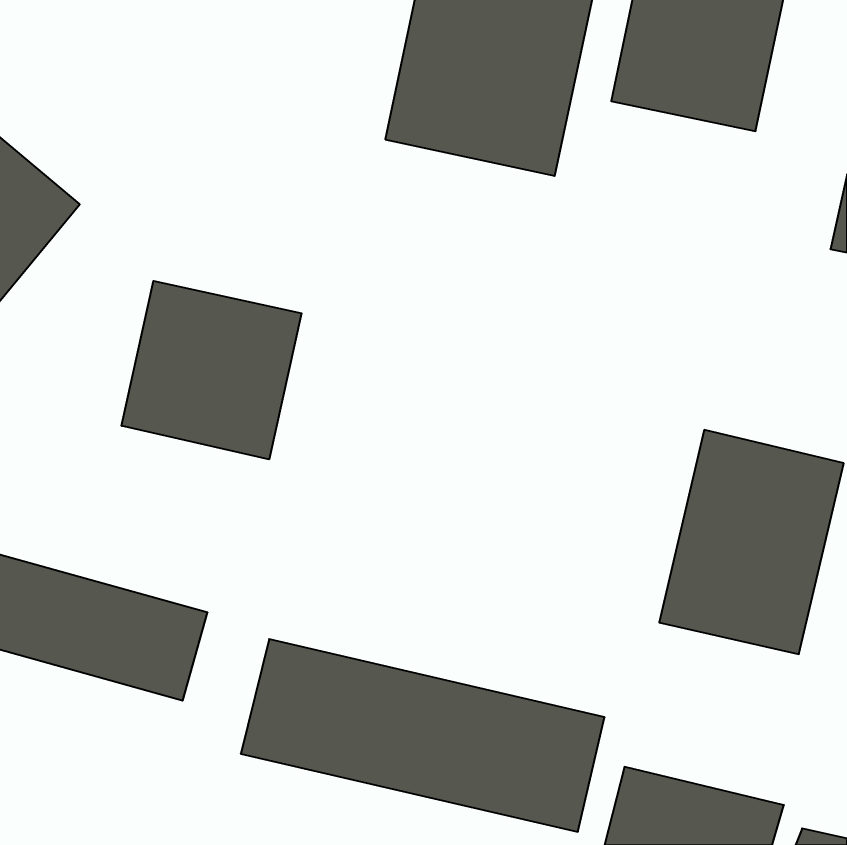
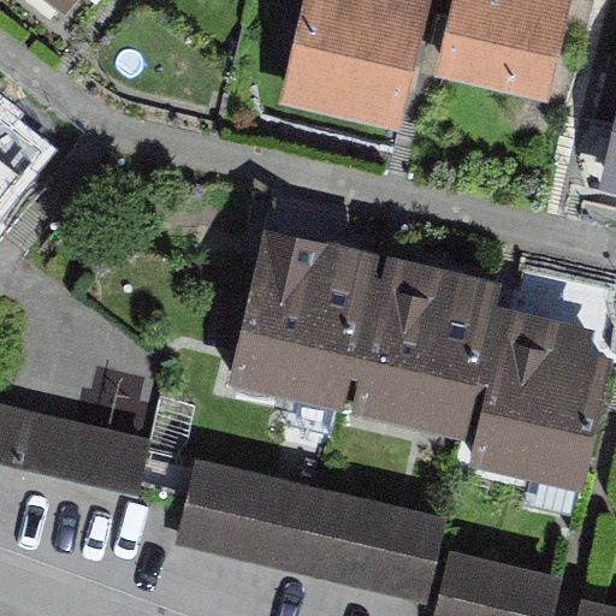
building: [122,281,302,459] -> none
building: none -> [237,229,368,391]
building: none -> [360,260,493,421]

